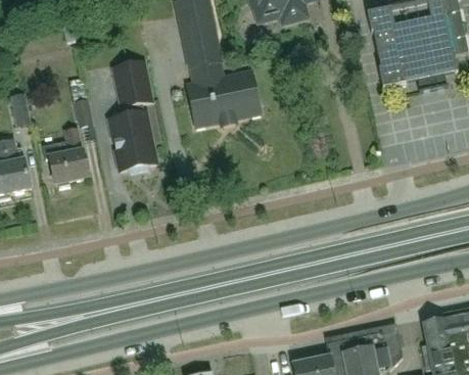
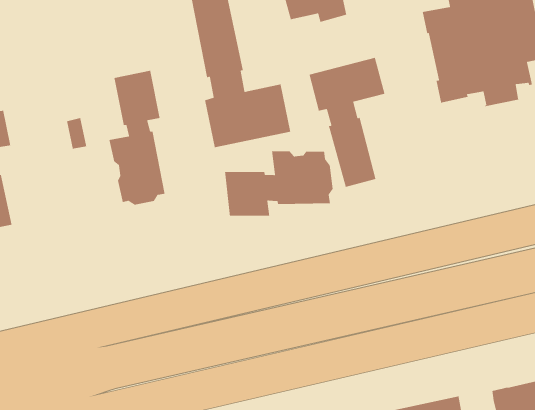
building: none -> [308,57,385,188]
building: none -> [224,151,333,216]
building: [42,127,88,186] -> none

